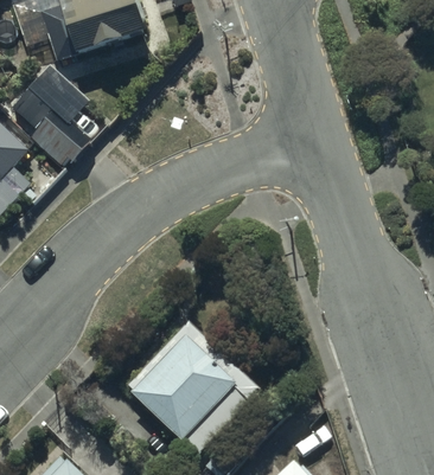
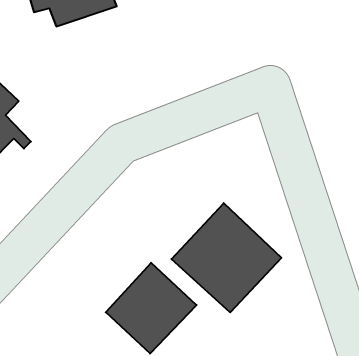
building: [13,59,94,167] -> none
building: none -> [171,203,281,312]

